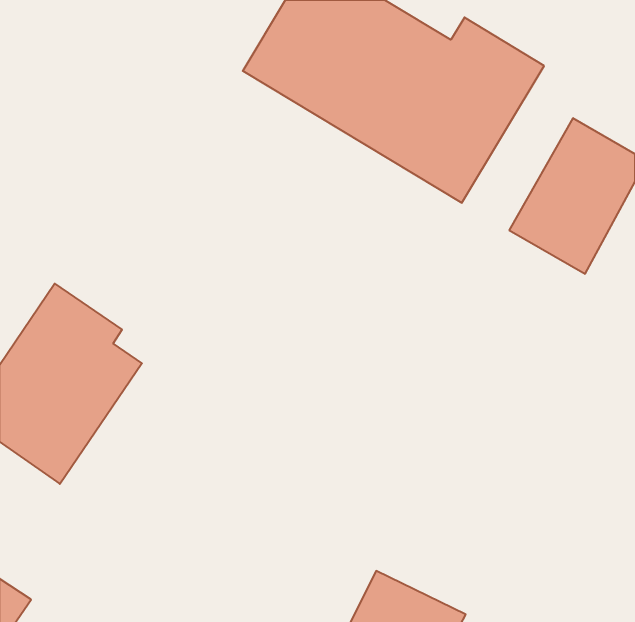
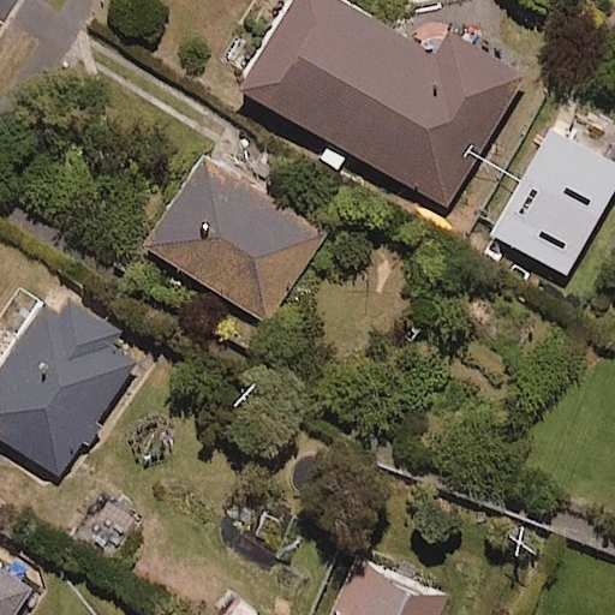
building: none -> [141,153,326,326]

